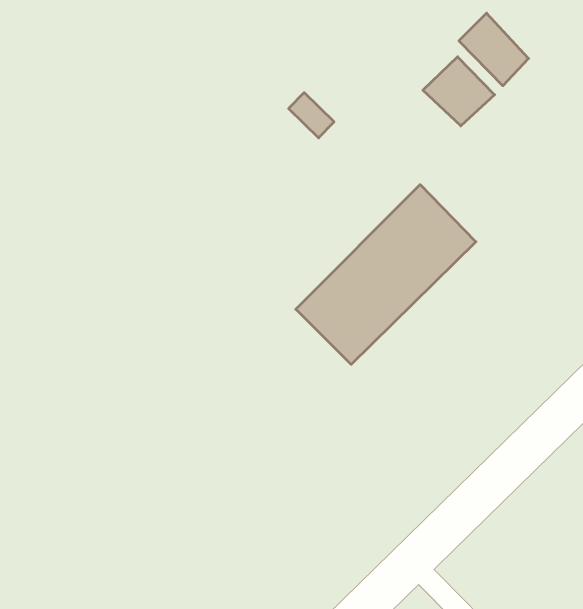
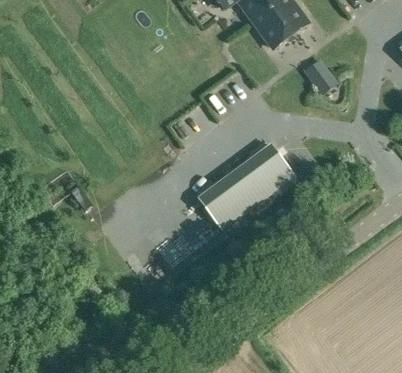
building: [423,57,495,126] -> none

